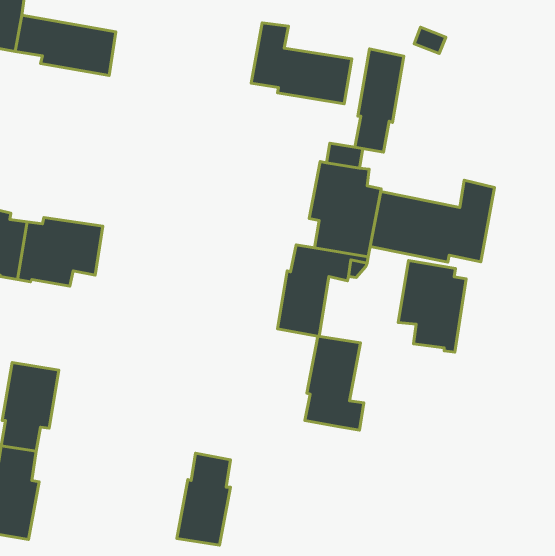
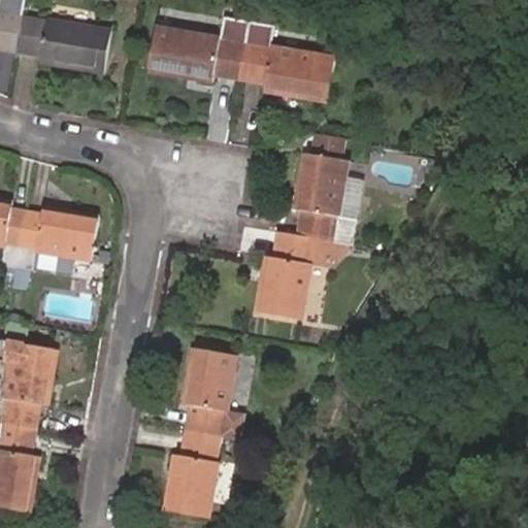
building: none -> [146,18,248,79]
building: [355,49,404,152] -> none
building: [370,180,494,262] -> none
building: [398,260,466,352] -> none
building: [305,336,364,430] -> [185,349,240,437]

